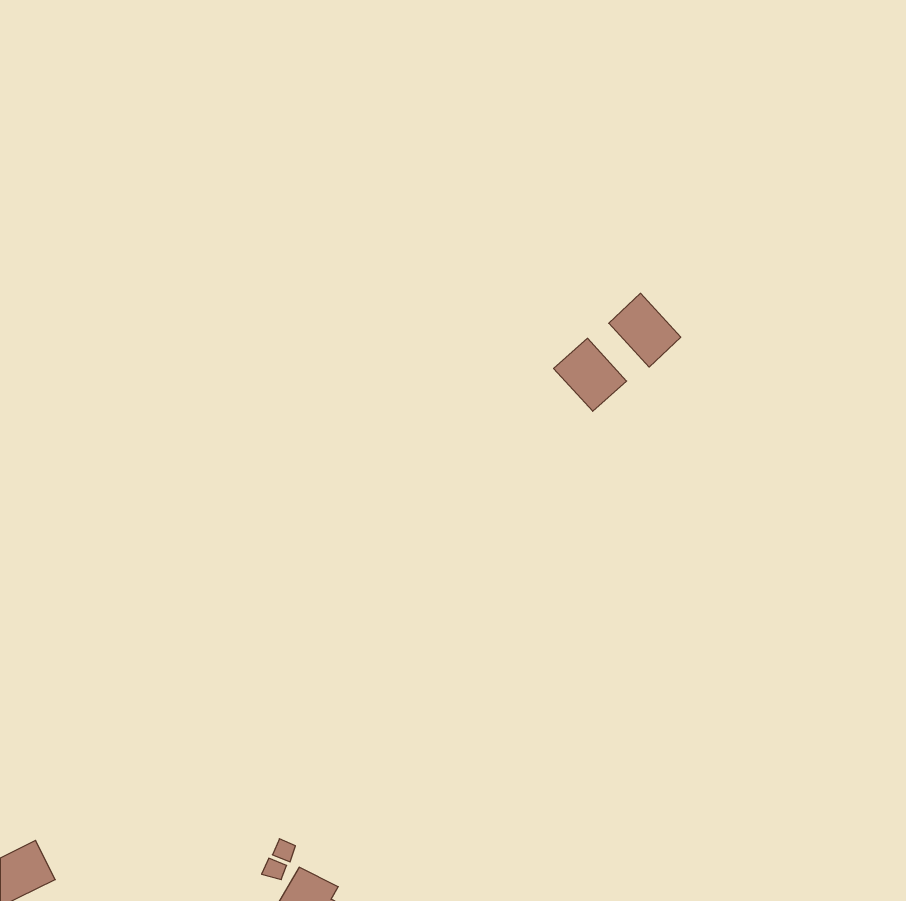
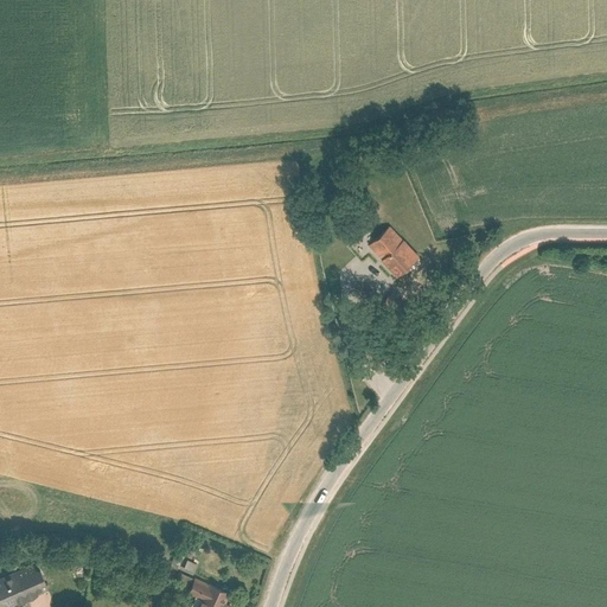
building: [609,293,681,367] -> none

